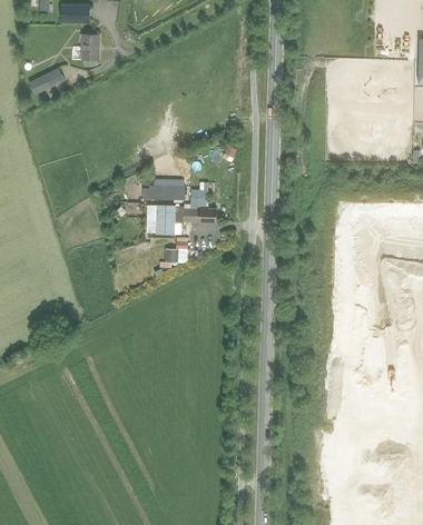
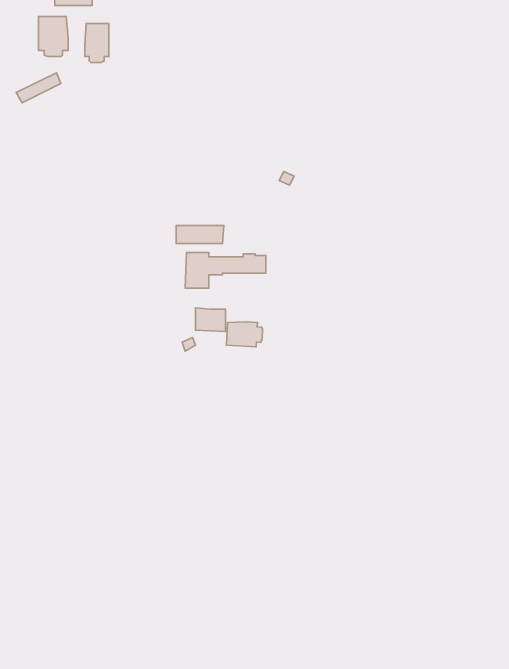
building: none -> [38,16,68,57]
building: none -> [226,322,263,347]

